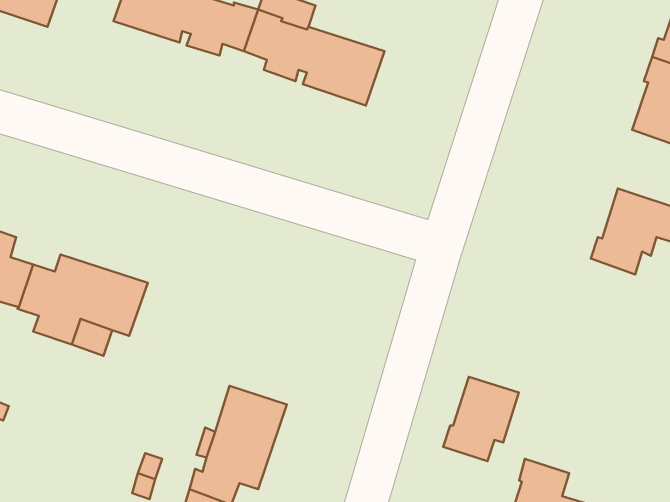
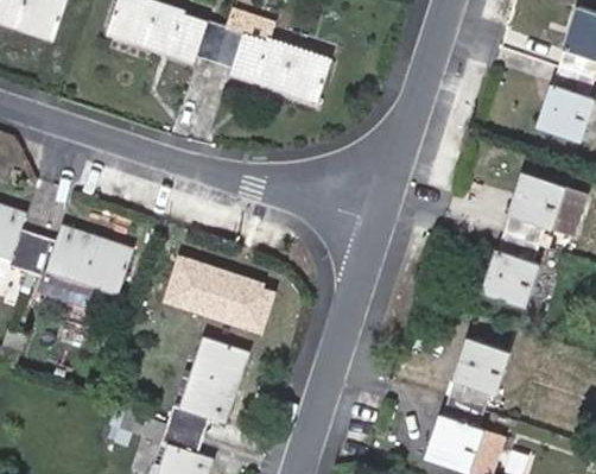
building: none -> [486,232,538,304]
building: none -> [165,257,279,329]
building: [443,377,519,461] -> [446,340,509,410]

